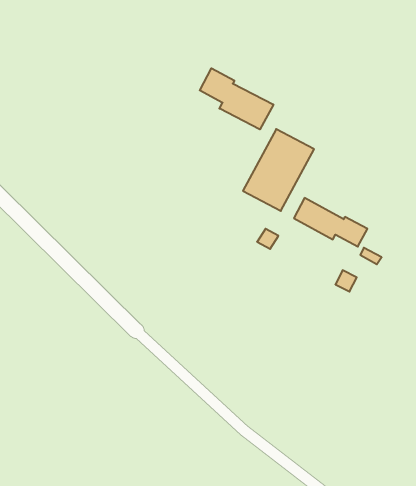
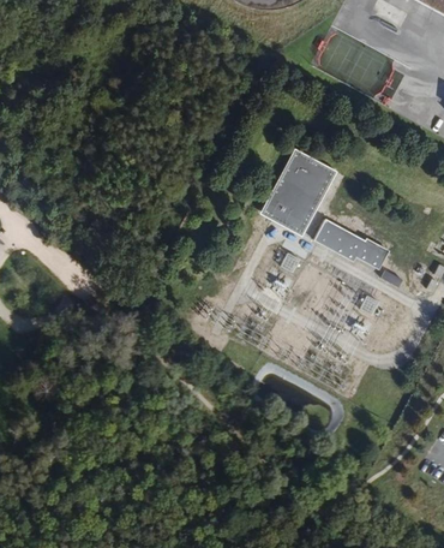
building: [200,68,273,129] -> none

